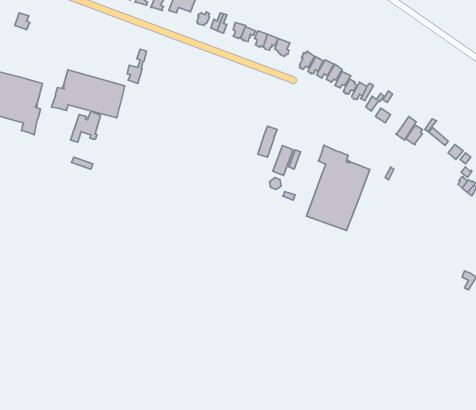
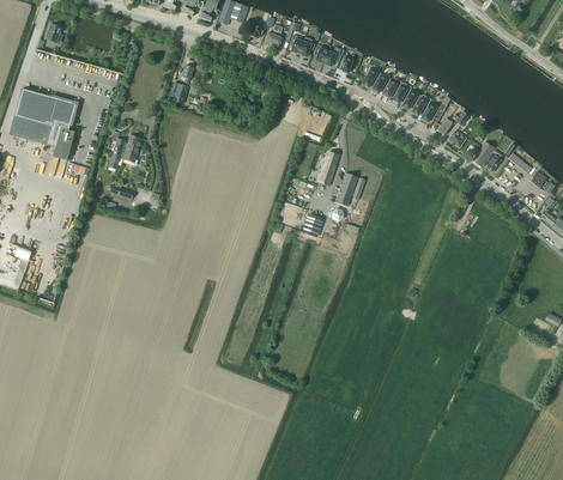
building: [51,70,125,118] -> none
building: [307,145,370,230] -> none

